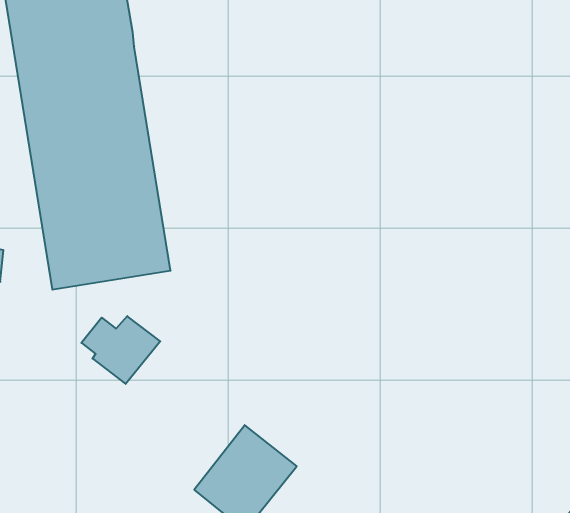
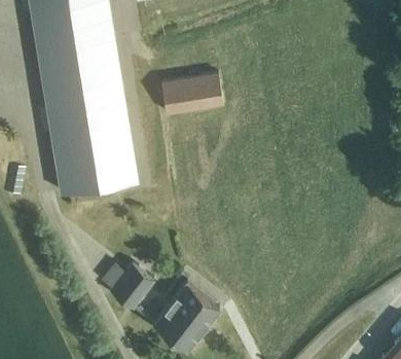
building: none -> [161,76,224,116]
building: [81,316,160,384] -> [103,265,154,310]

